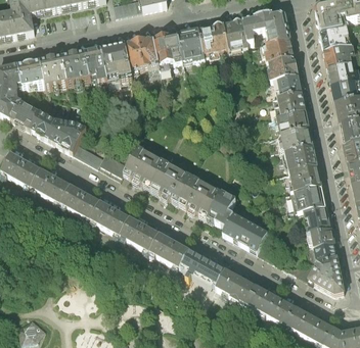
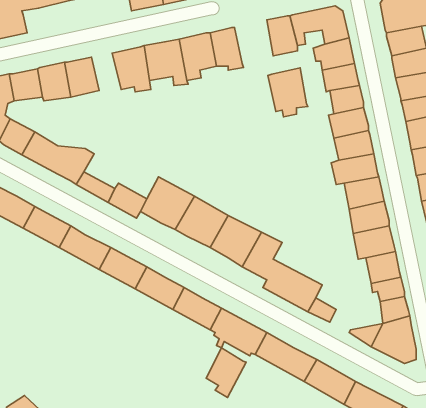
building: [198,20,230,59] -> [268,68,308,117]
building: [85,47,108,81] -> none
building: none -> [206,348,246,397]

